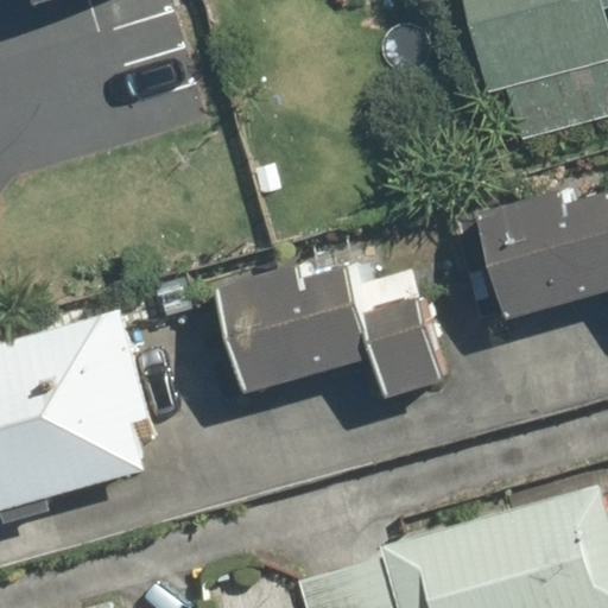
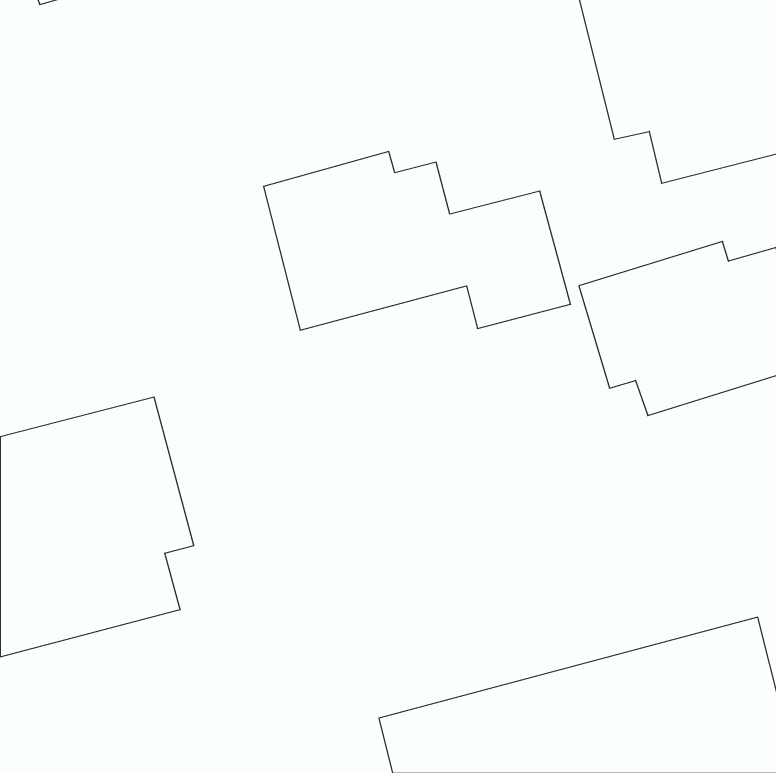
building: [213,260,451,399] -> [263,151,571,330]

